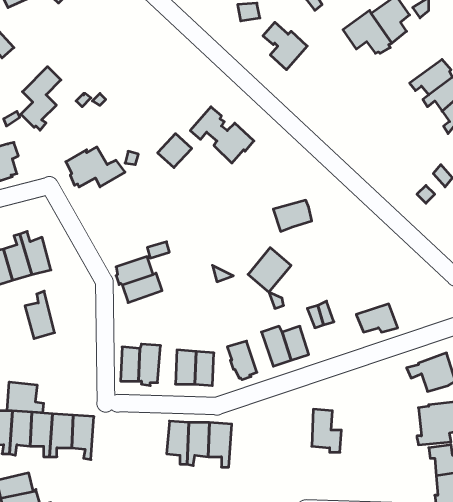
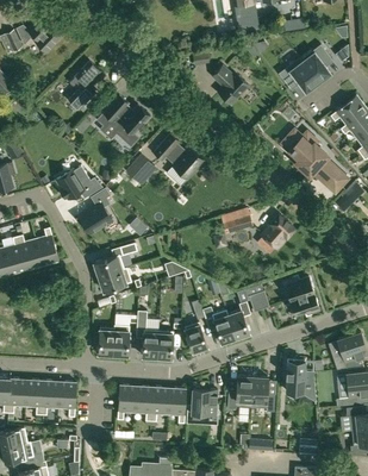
building: none -> [98,95,150,145]
building: [21,67,61,130] -> [68,61,100,112]
building: none -> [285,130,347,192]
building: none -> [76,186,110,232]
building: [248,248,291,292] -> [261,213,295,249]
building: none -> [281,275,313,300]
building: [25,291,55,339] -> [35,226,58,264]
building: [7,382,44,413] -> none
building: none -> [285,359,314,392]
building: none -> [227,375,252,408]
building: none -> [117,384,137,419]
building: none -> [187,388,218,422]

